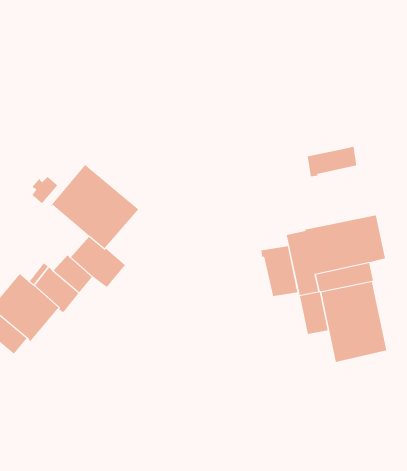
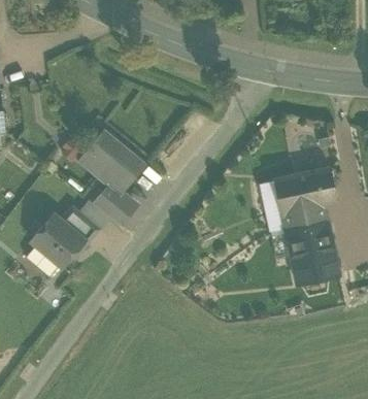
building: [307,146,357,177] -> none
building: [261,245,298,297] -> none

